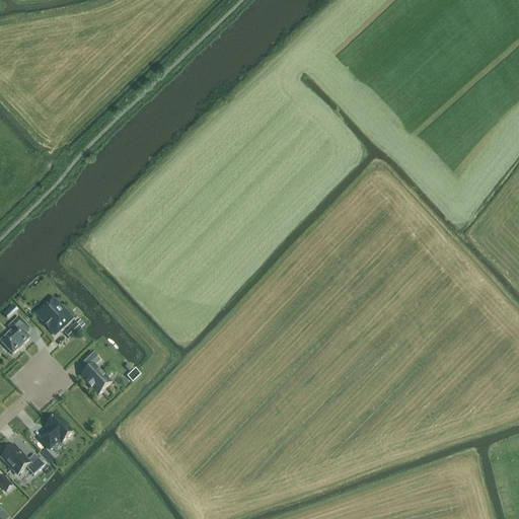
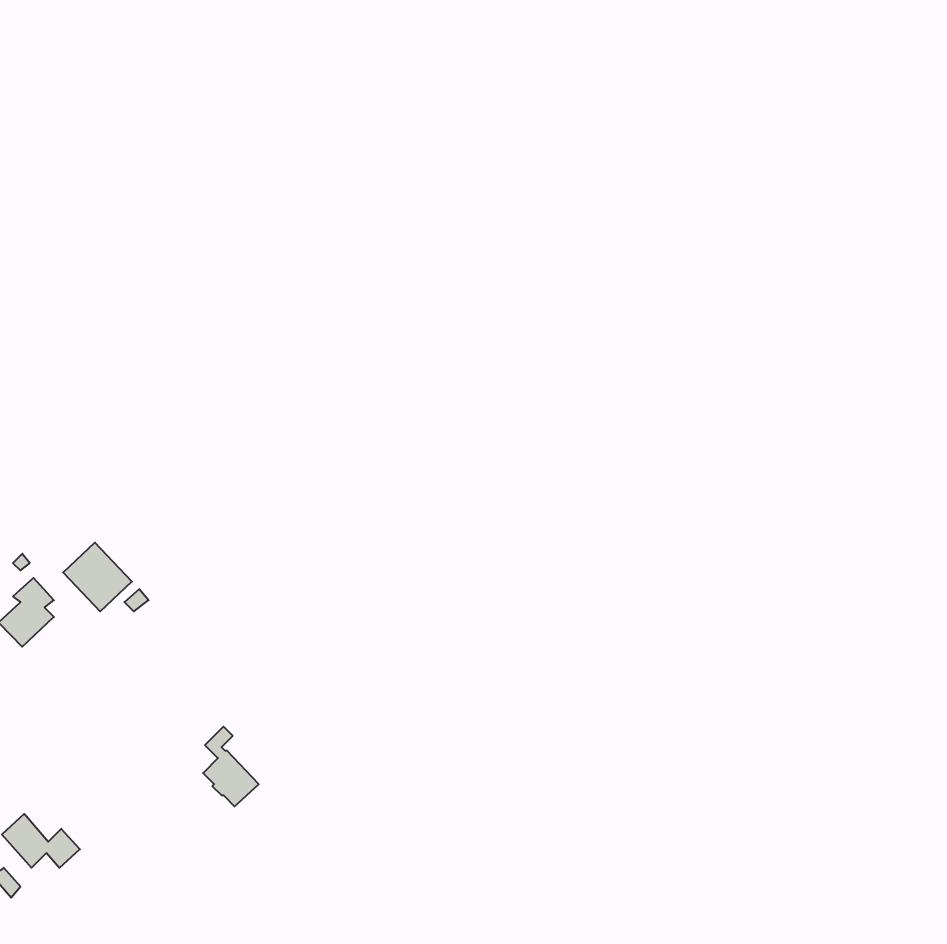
building: [80,350,110,393] -> [203,727,259,806]
building: [40,415,72,447] -> none

